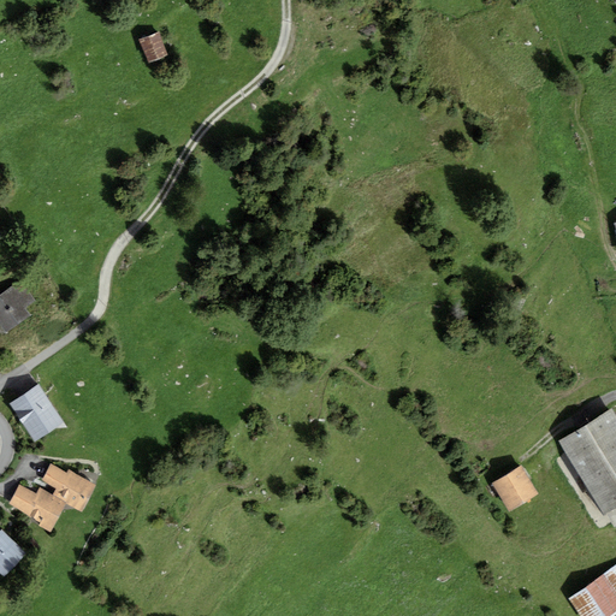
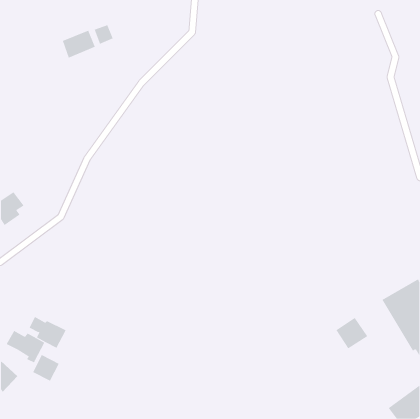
building: none -> [62,30,96,58]
building: [10,383,64,440] -> none
building: none -> [32,354,59,381]

